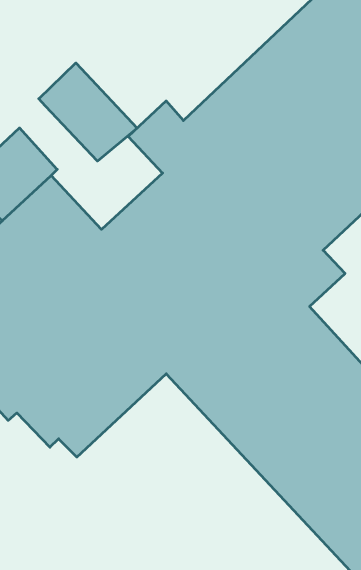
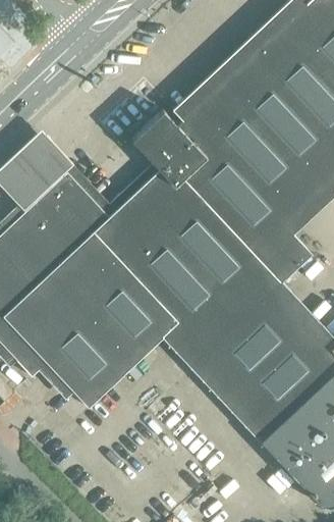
building: [39,63,137,161] -> none

